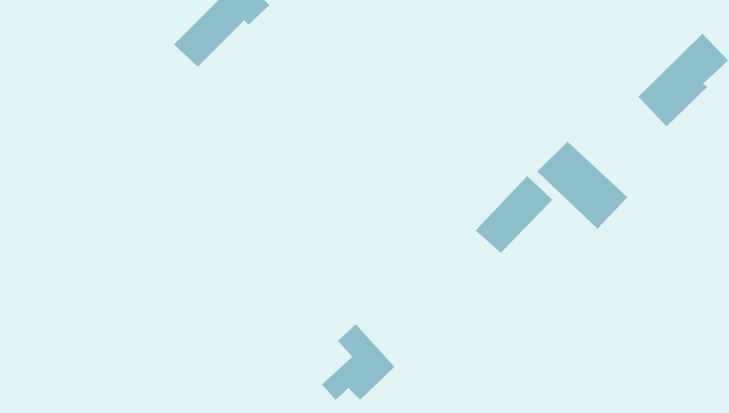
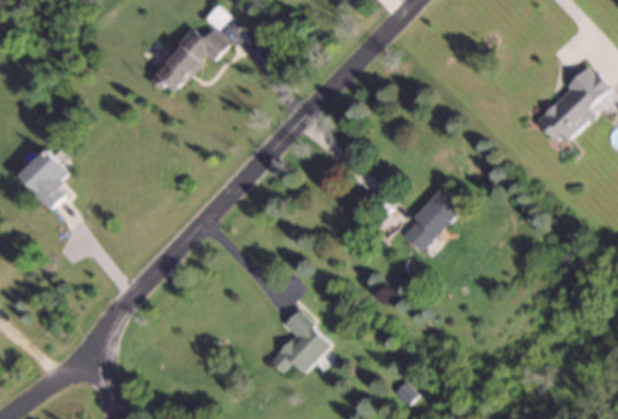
building: none -> [18,146,70,206]
building: [537,141,628,229] -> none

